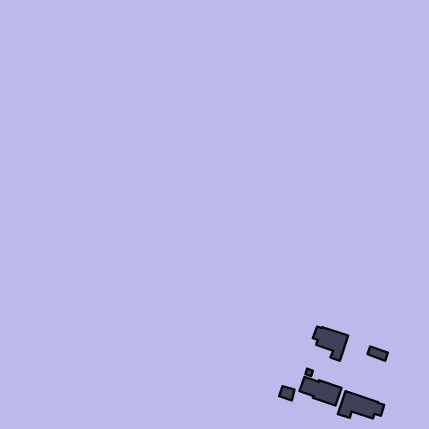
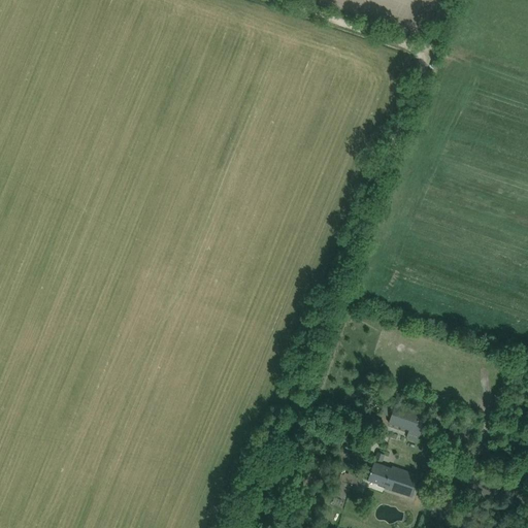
building: [338,391,384,418] -> none

